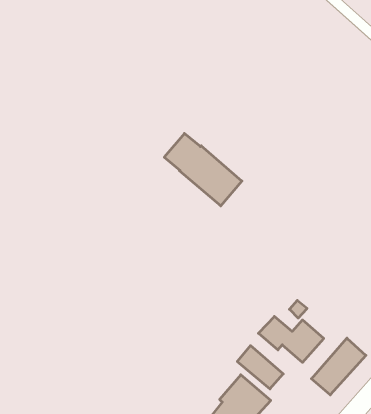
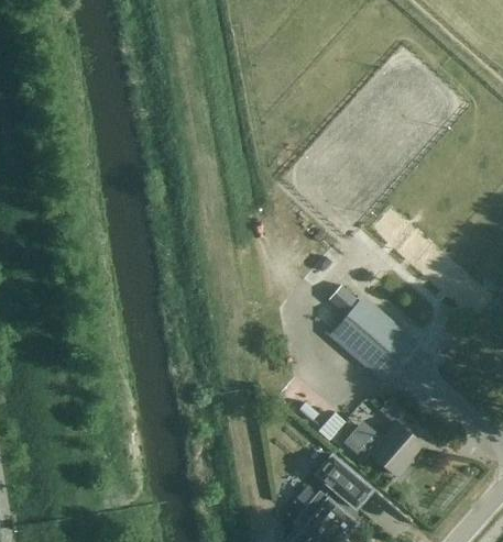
building: [164,133,242,206] -> [315,285,412,375]
building: [311,338,366,395] -> none

